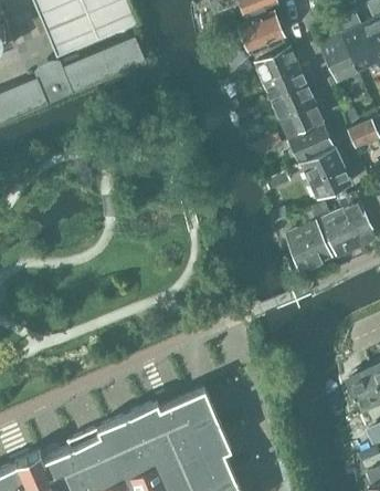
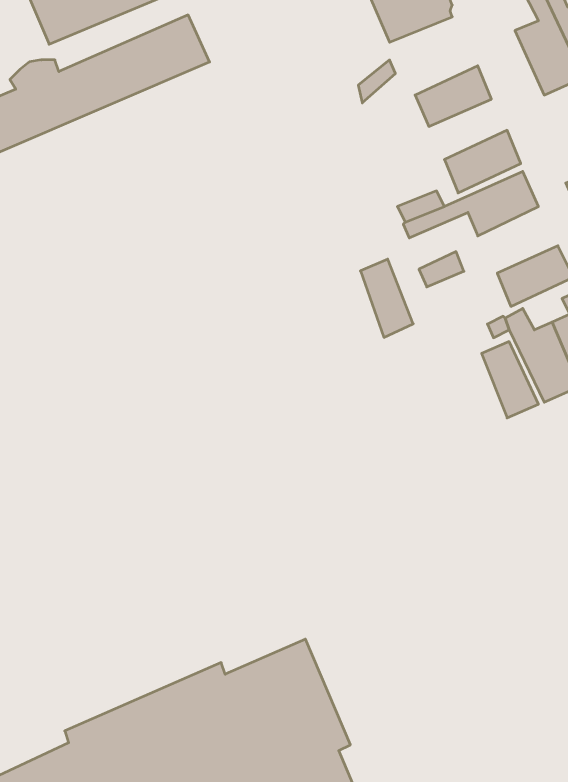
building: [254,46,298,82] -> none
building: [271,84,315,118] -> none
building: [300,148,344,182] -> none
building: [285,228,315,272] -> [360,259,413,337]

